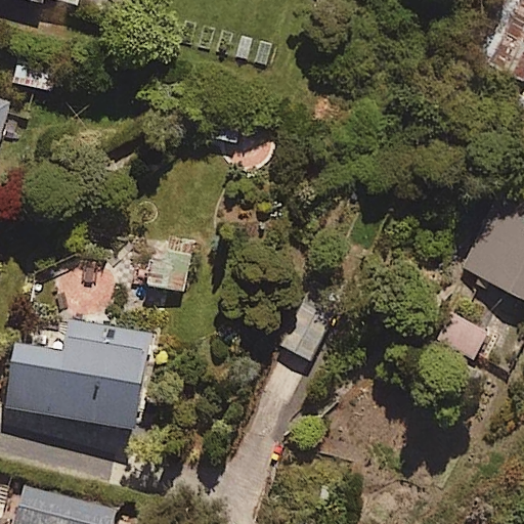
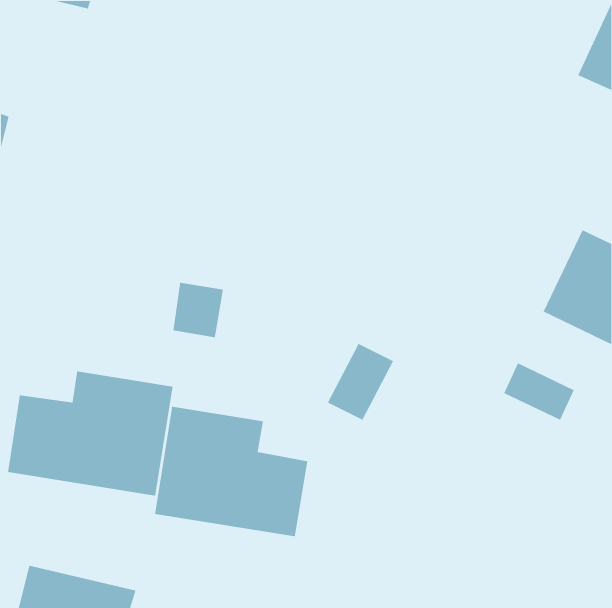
building: none -> [154,406,308,537]

